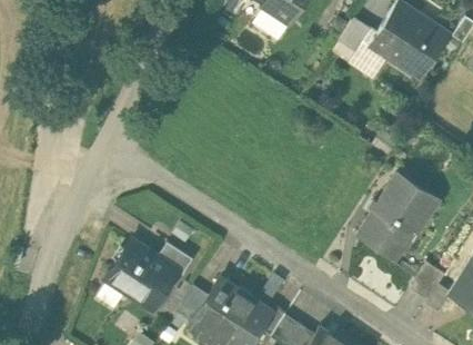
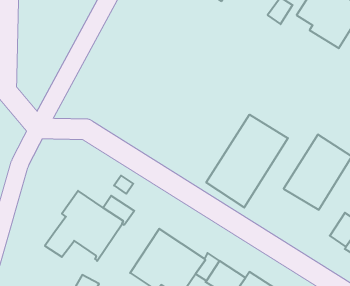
building: none -> [206,115,288,208]
building: [169,285,204,319] -> none

